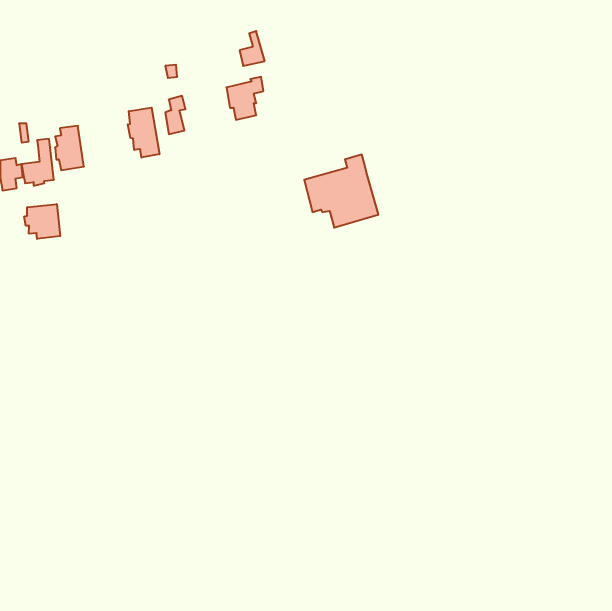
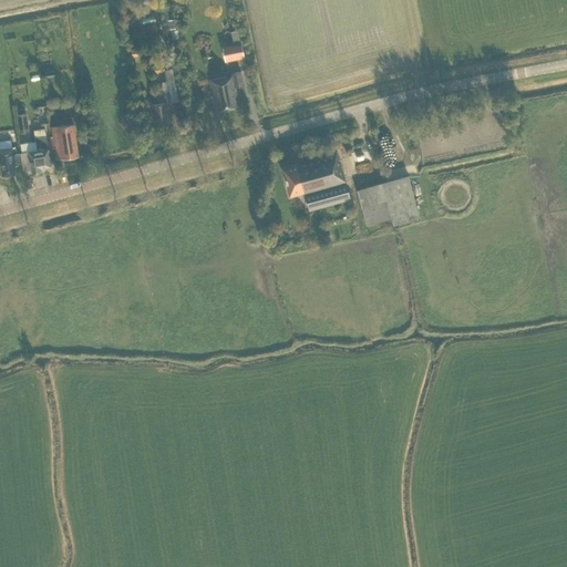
building: [128,108,159,158] -> none
building: none -> [357,176,420,226]
building: [24,204,60,239] -> none

